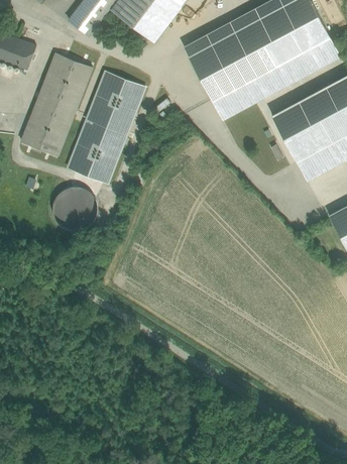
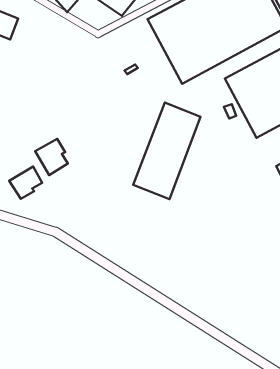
building: [20,52,92,155] -> none
building: [68,72,144,182] -> [133,103,200,199]
building: none -> [9,167,42,199]

